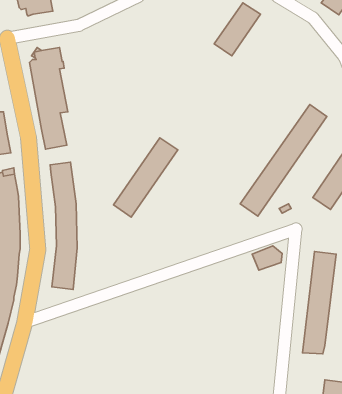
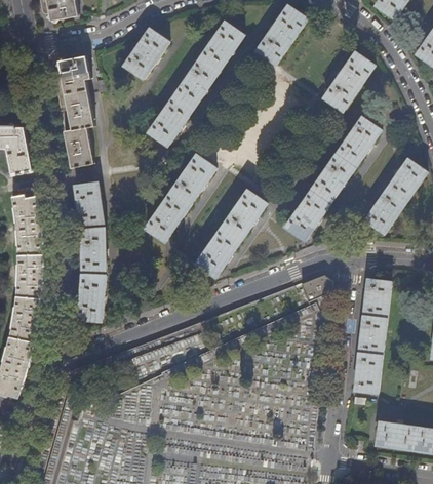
building: none -> [147,22,244,145]
building: none -> [123,29,169,79]
building: none -> [322,52,373,112]
building: none -> [195,191,266,277]

